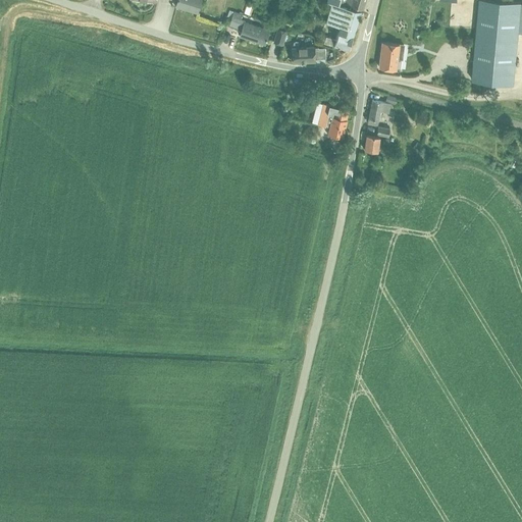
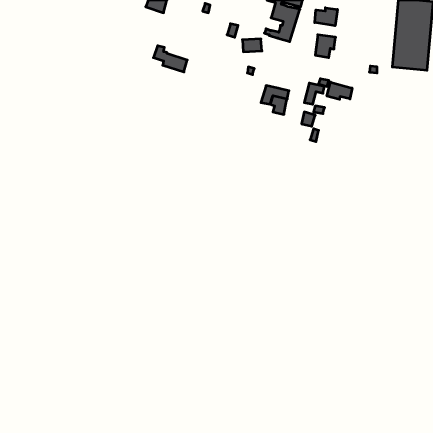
building: none -> [315,8,337,26]
building: [228,12,269,44] -> [153,46,187,72]
building: none -> [327,82,352,99]

